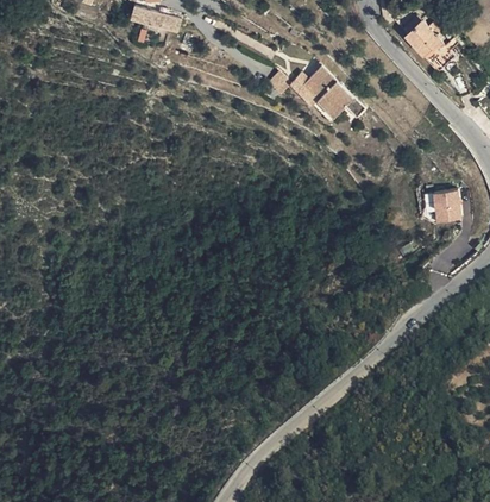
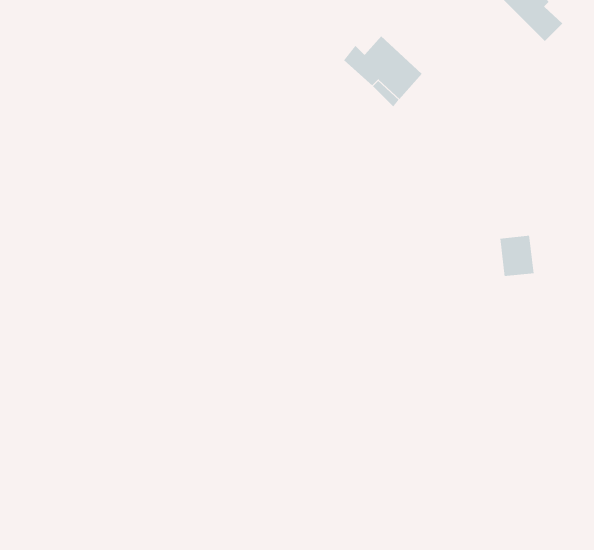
building: [436,189,464,221] -> [499,235,535,277]

